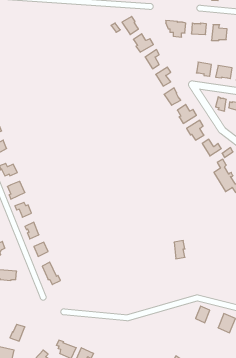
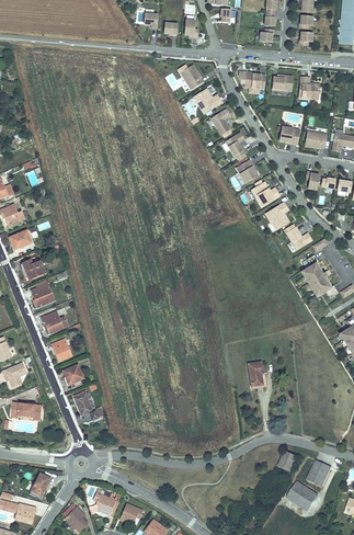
building: none -> [288,480,319,509]

